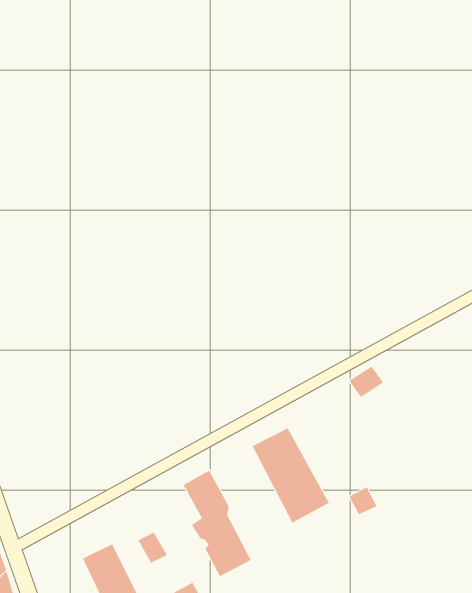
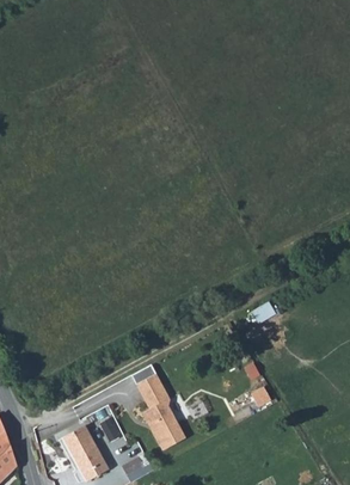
building: [252,427,329,523] -> none

